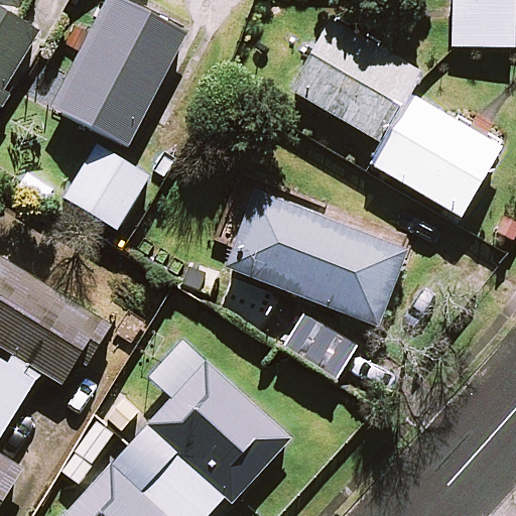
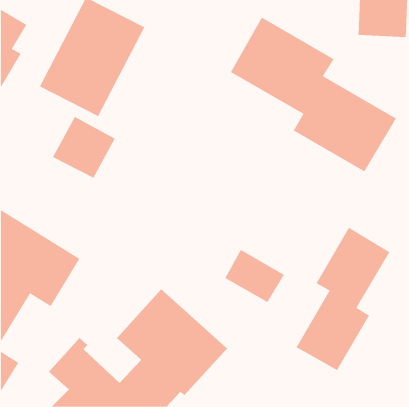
building: [225,177,409,326] -> none
building: none -> [296,227,390,371]

